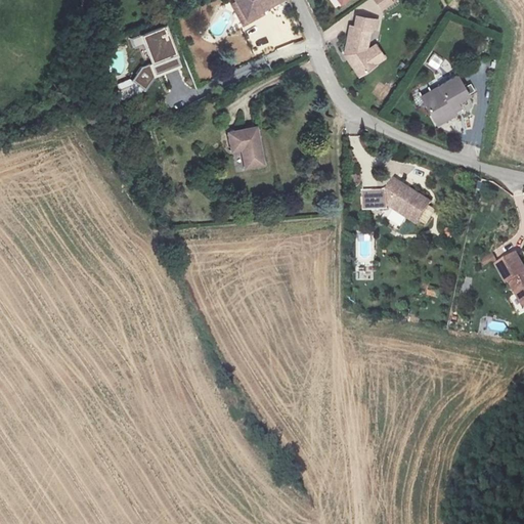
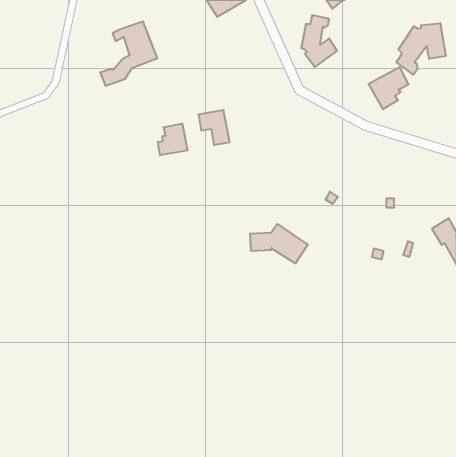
building: none -> [396,23,446,75]
building: none -> [158,123,188,155]
building: [362,178,429,223] -> [250,224,308,263]

